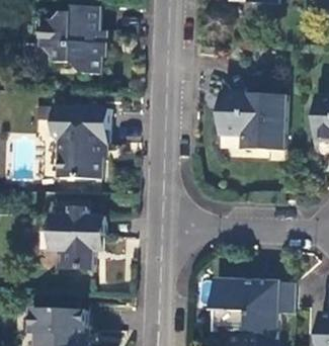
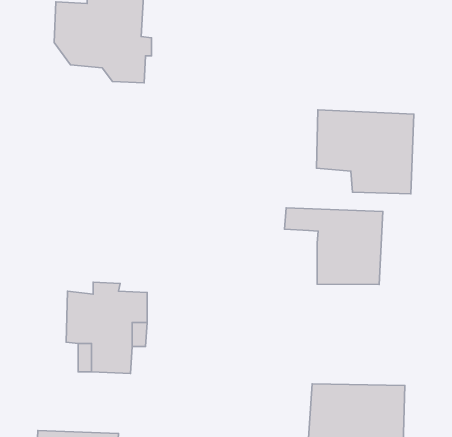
building: [50,106,106,178] -> none
building: none -> [285,208,383,285]

